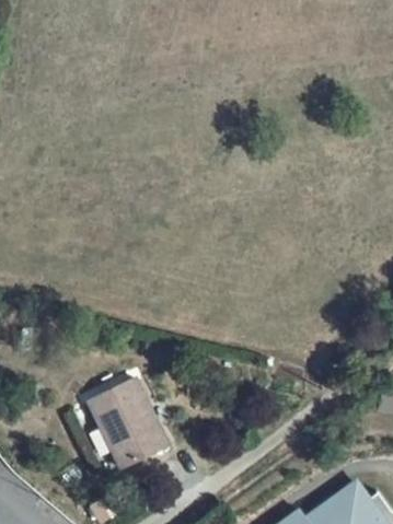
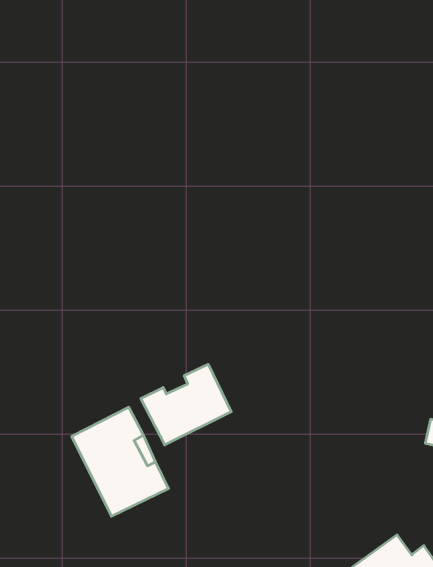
building: none -> [141,364,231,445]

